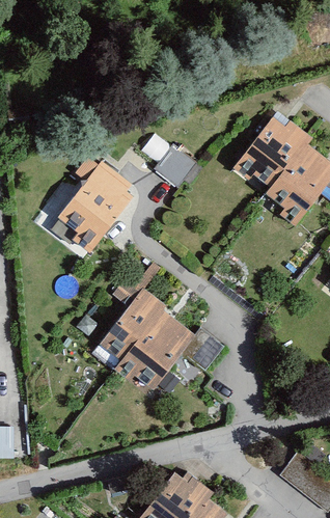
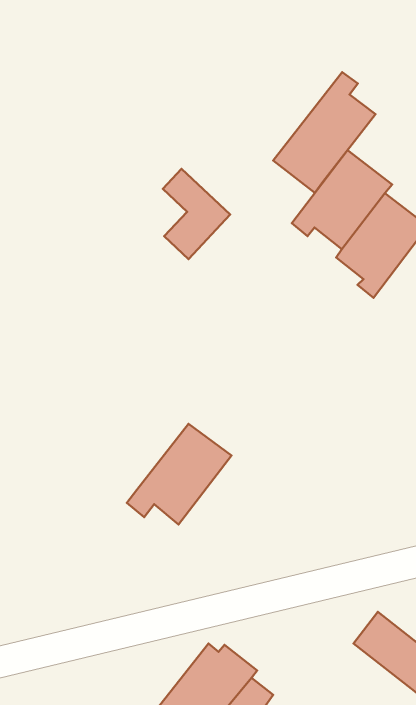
building: none -> [273,72,376,193]
building: [61,168,127,249] -> none
building: [101,292,164,361] -> none

